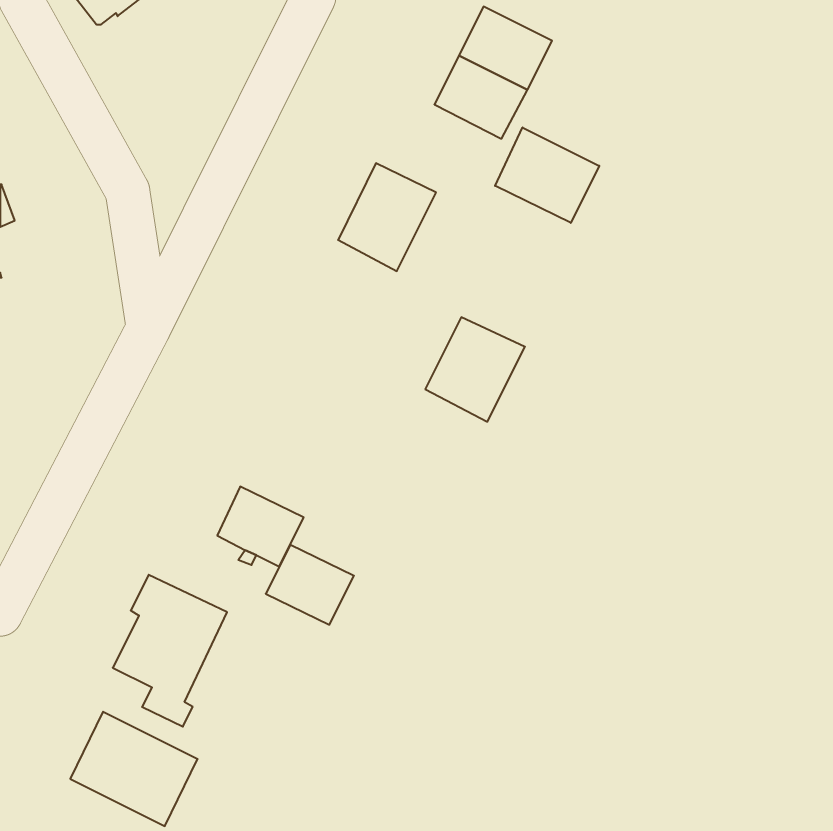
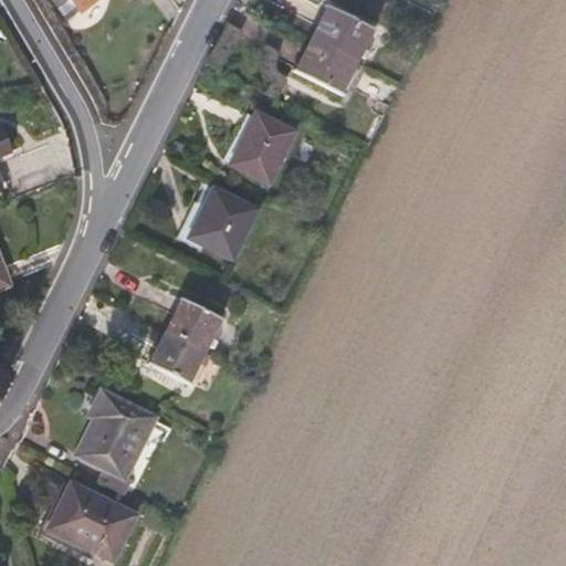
building: [495,127,599,223] -> none
building: [425,317,525,422] -> [189,188,256,259]
building: [266,545,354,625] -> [164,296,223,350]

